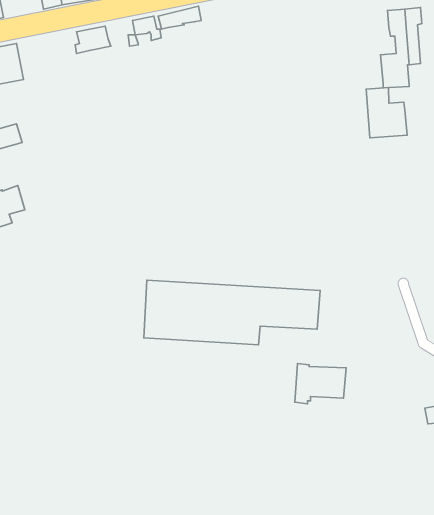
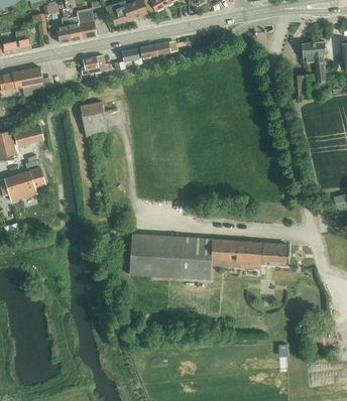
building: [366,88,407,138] -> none
building: none -> [79,101,107,136]
building: [295,364,346,404] -> [251,240,287,268]

